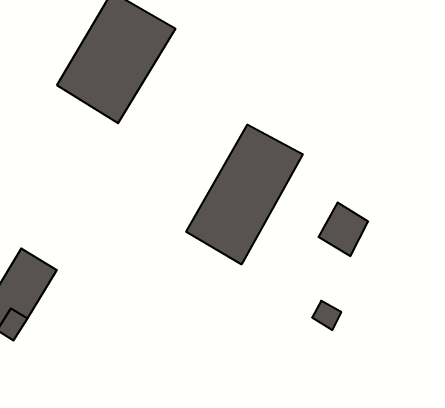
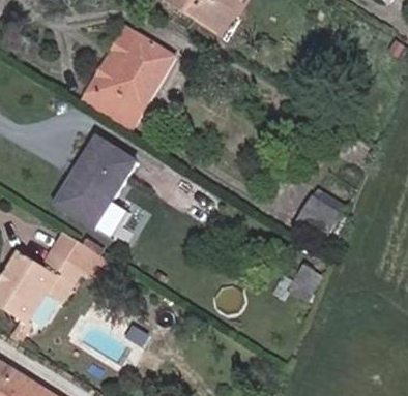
building: [186,125,303,264] -> none
building: none -> [59,133,146,229]

